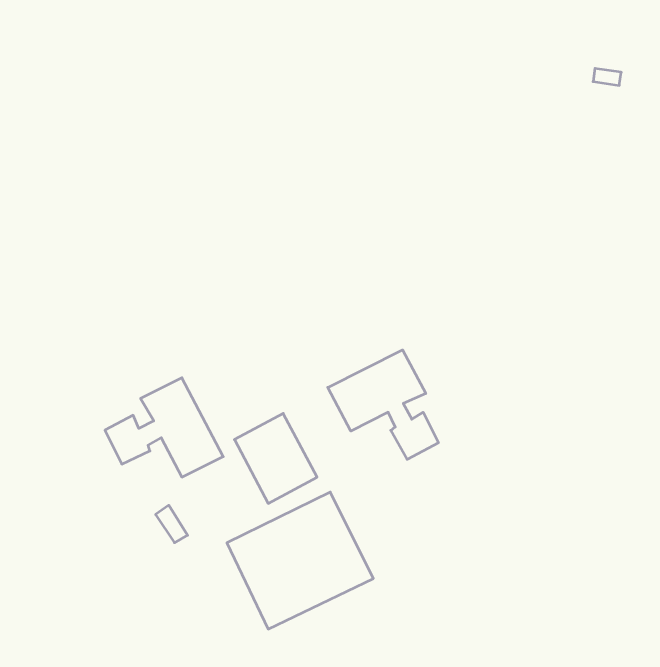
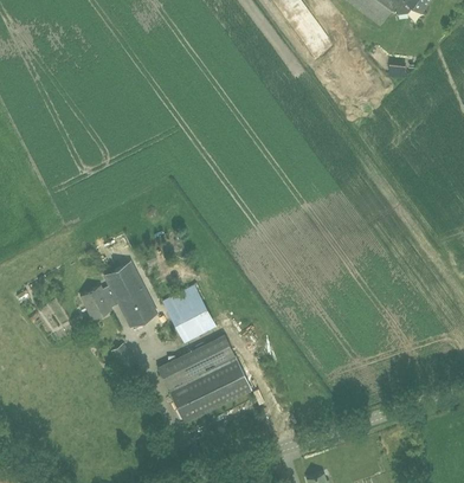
building: [328,350,438,459] -> none

